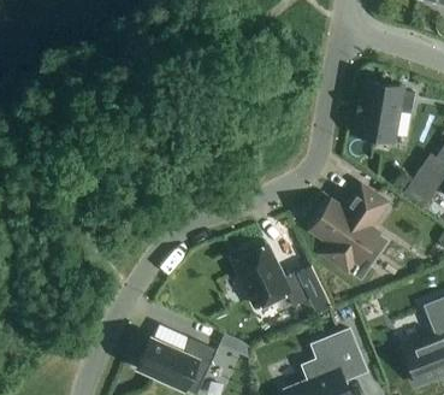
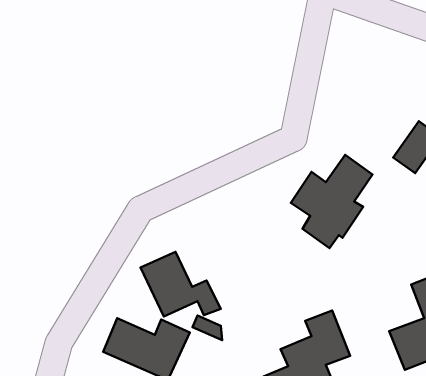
building: [356,83,414,141] -> none
building: [233,247,308,307] -> [141,252,221,317]

